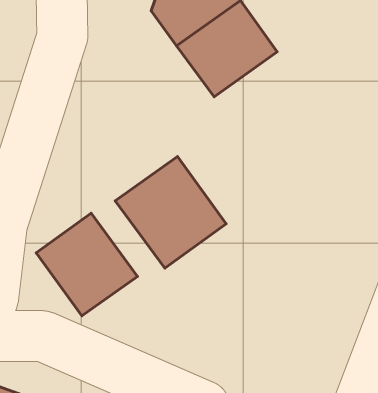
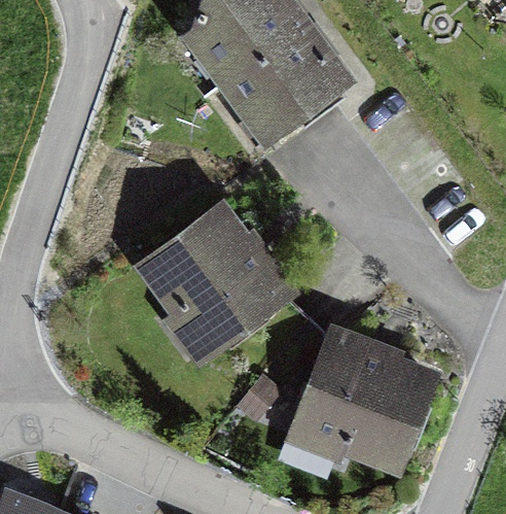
building: [36,213,138,316] -> none
building: none -> [300,341,428,464]

